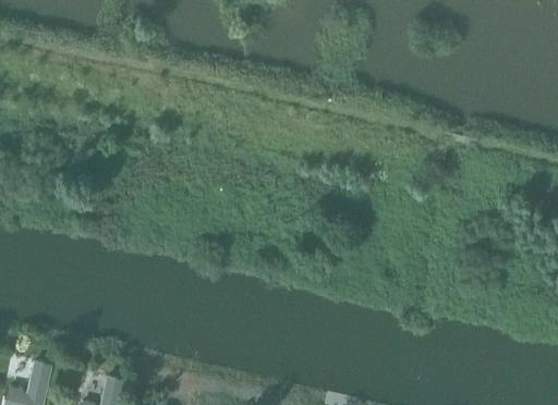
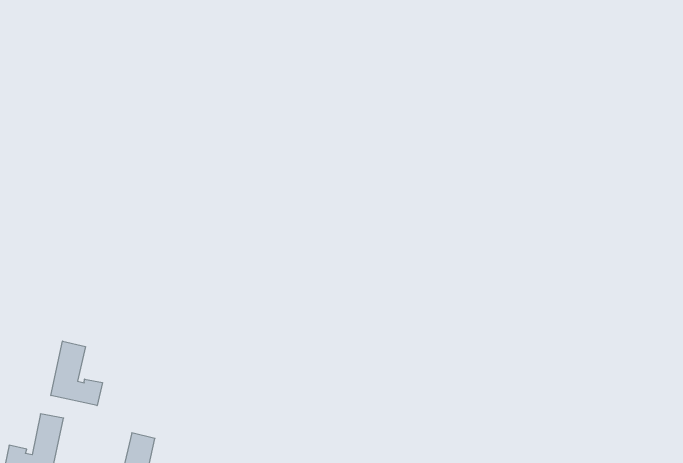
building: none -> [51,341,102,406]

